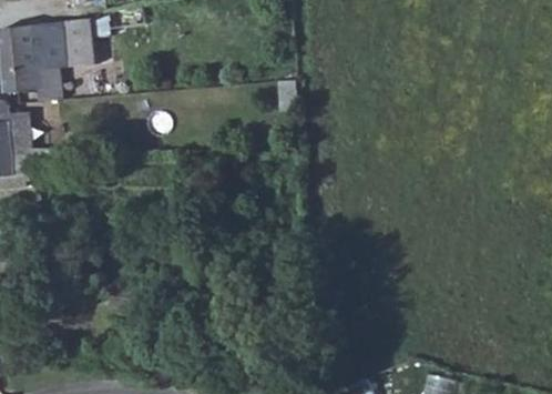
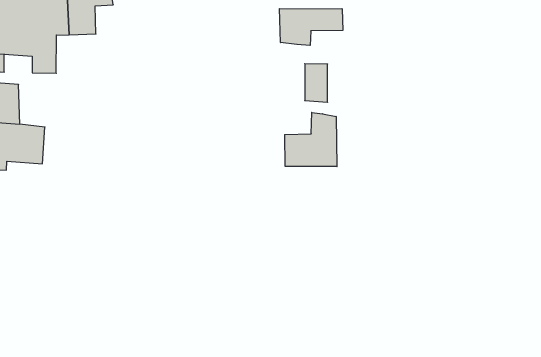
building: none -> [280,9,343,45]
building: none -> [285,112,337,167]

